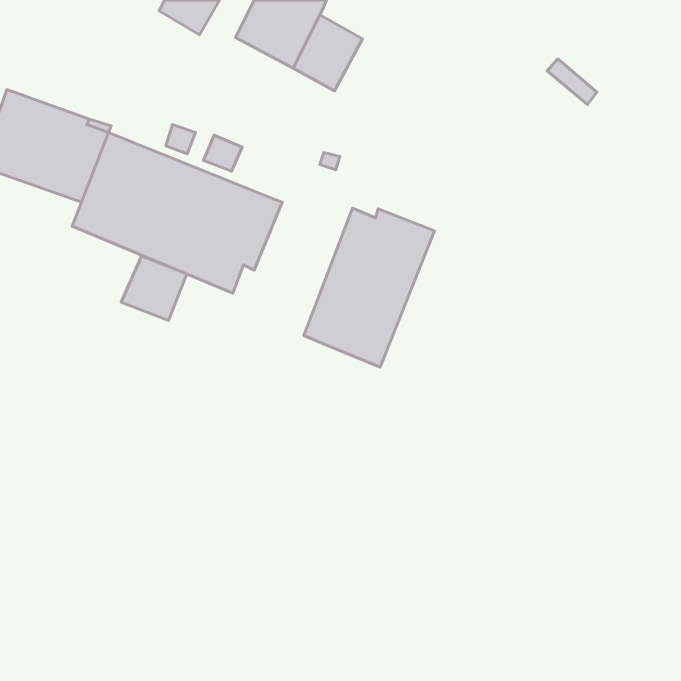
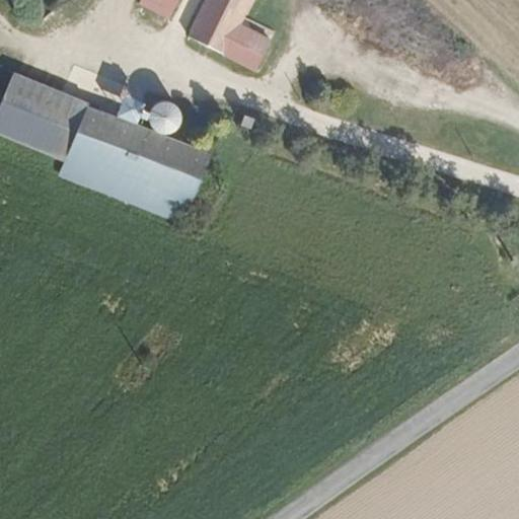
building: [304,208,435,367] -> none
building: [121,256,187,320] -> none

